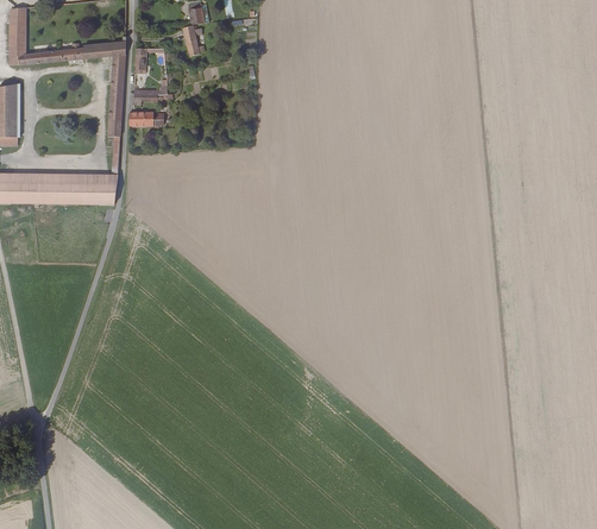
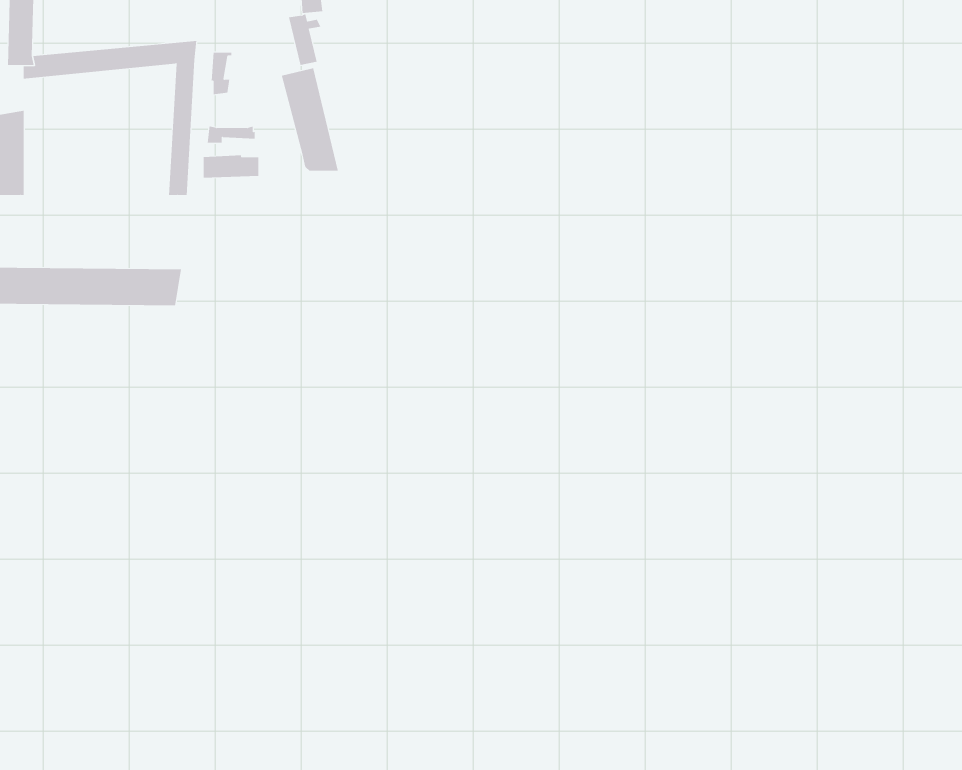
building: none -> [281,68,339,172]

